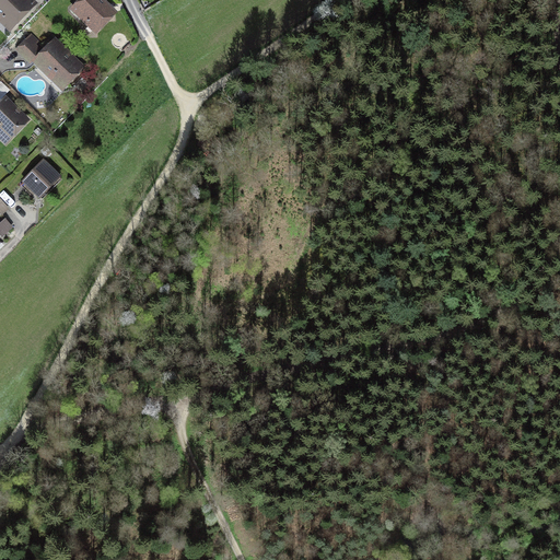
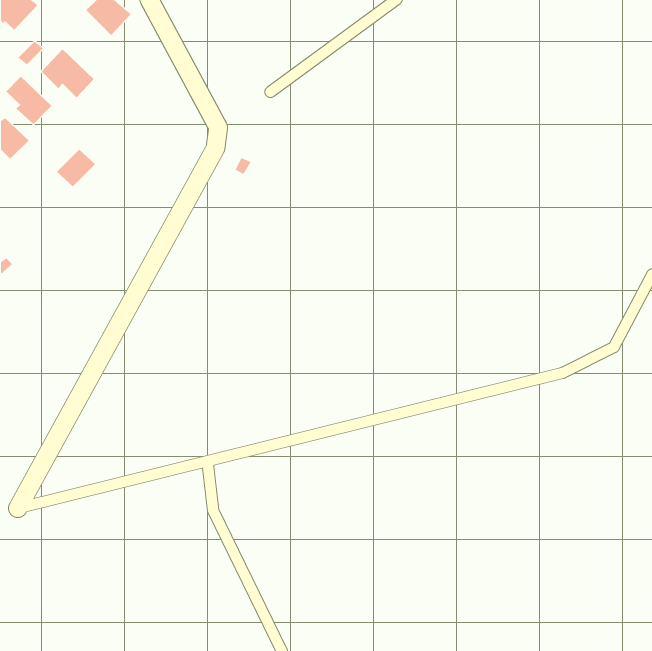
building: none -> [5,76,52,125]
building: [23,162,57,195] -> [56,149,96,187]

